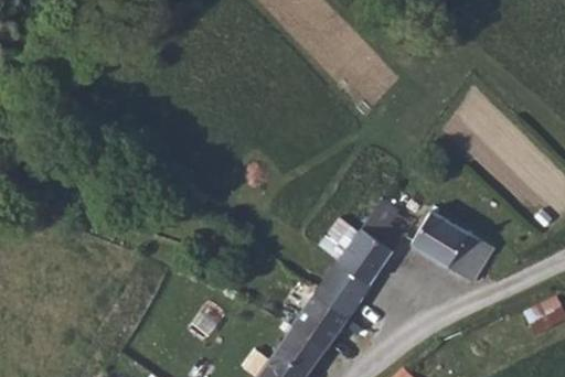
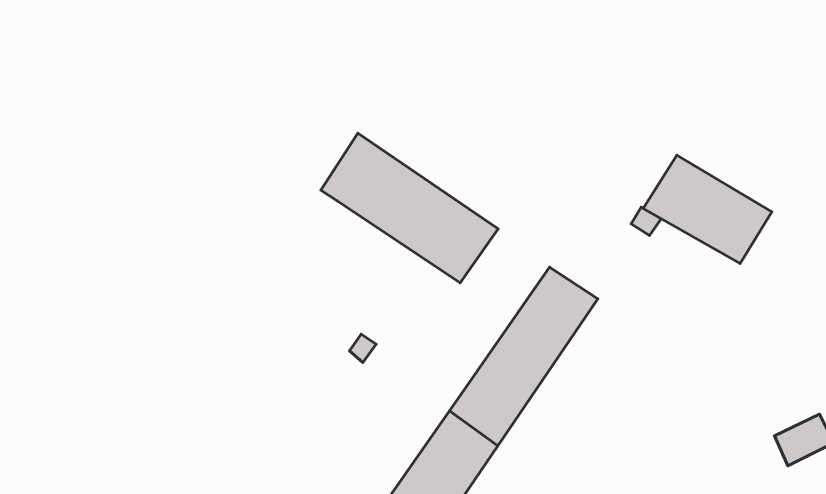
building: none -> [321,133,498,283]
building: [408,211,493,282] -> [643,155,772,264]

